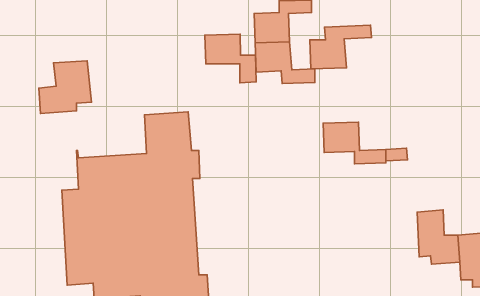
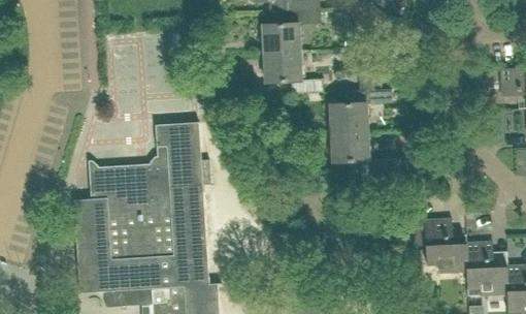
building: [310,25,371,69] -> [330,90,391,133]
building: [205,34,256,83] -> none
building: [39,61,91,113] -> none

